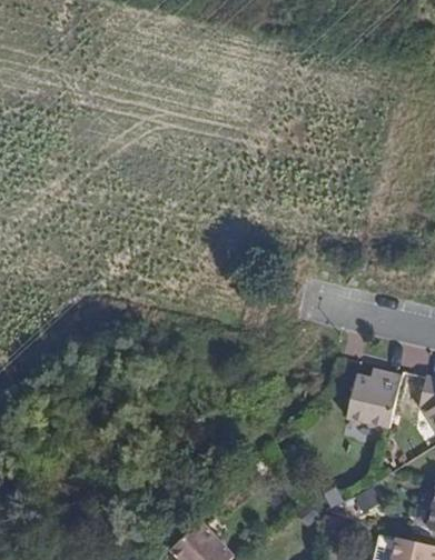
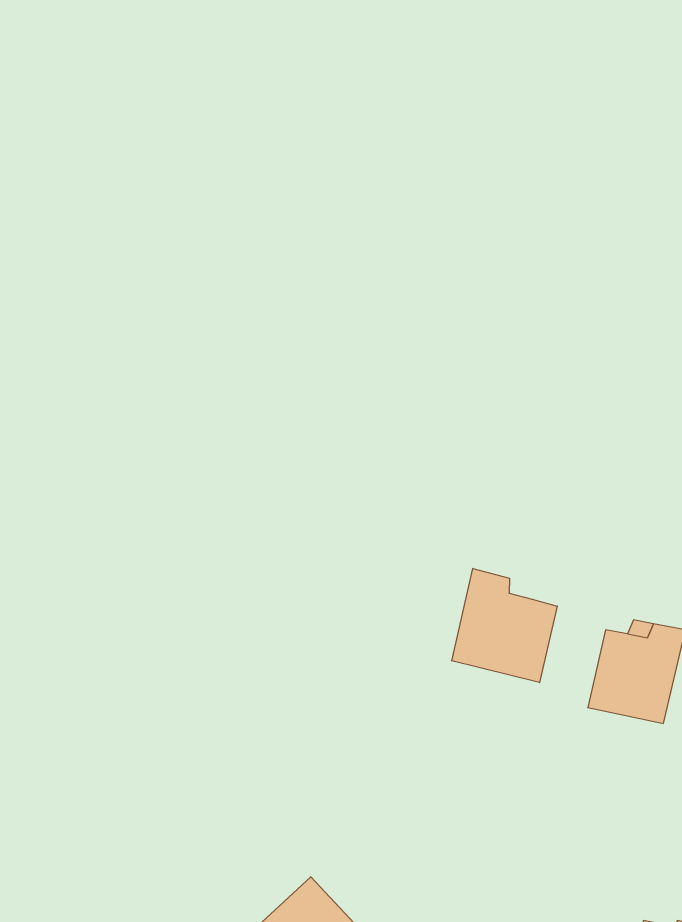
building: none -> [452,568,557,683]

